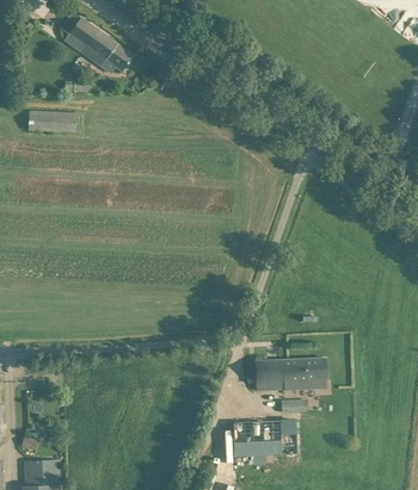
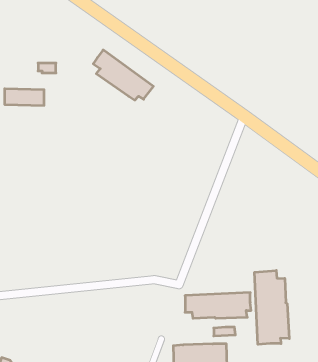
building: [61,11,134,72] -> [93,50,153,100]
building: none -> [255,270,289,344]

